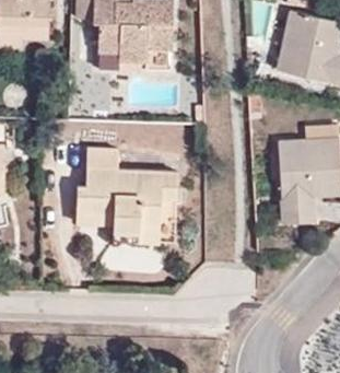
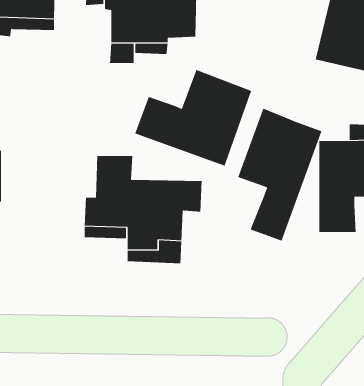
building: none -> [135,69,252,167]
building: none -> [238,108,322,242]

